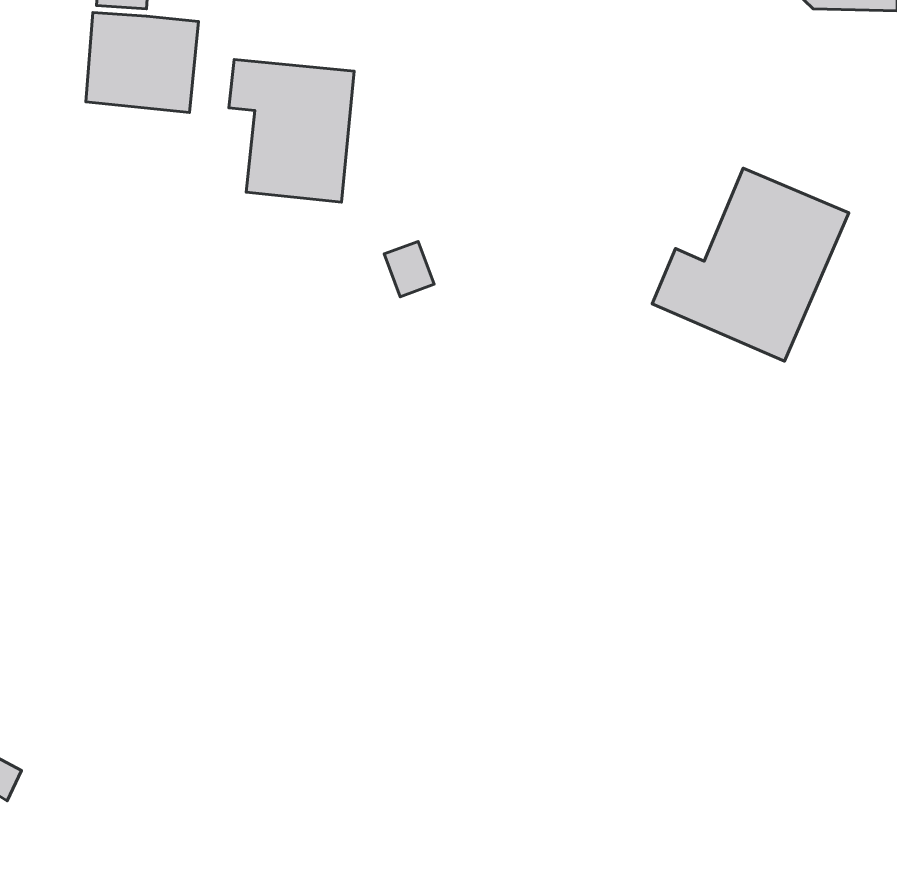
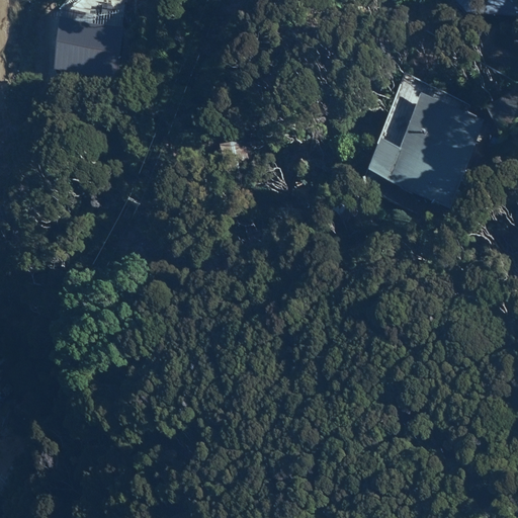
building: [229,59,354,202] -> none

